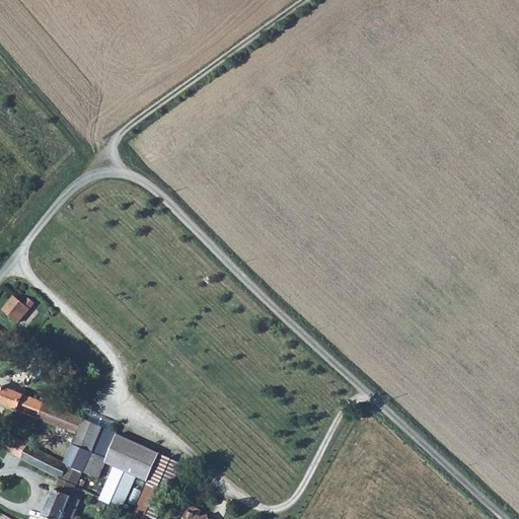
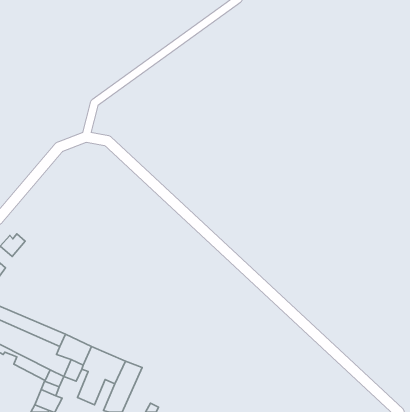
building: [63,444,89,471] -> none

